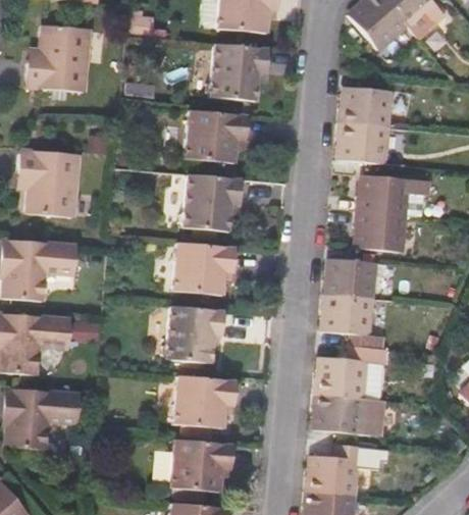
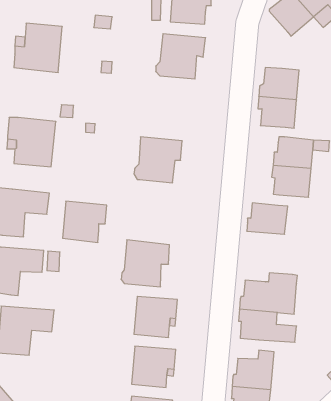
building: [191,110,247,163] -> none
building: [178,243,234,295] -> [63,201,107,242]
building: [320,294,380,349] -> none

